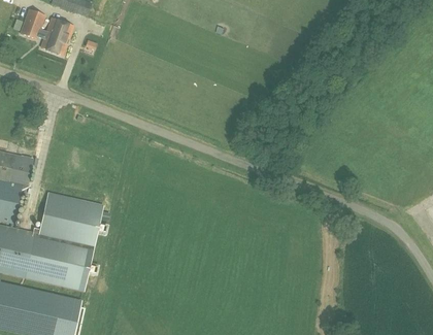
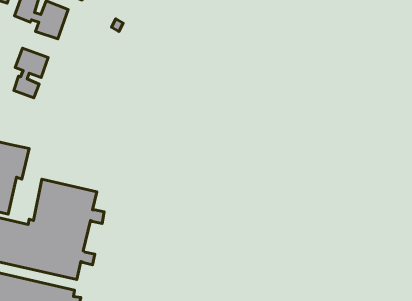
building: none -> [14,48,48,98]

